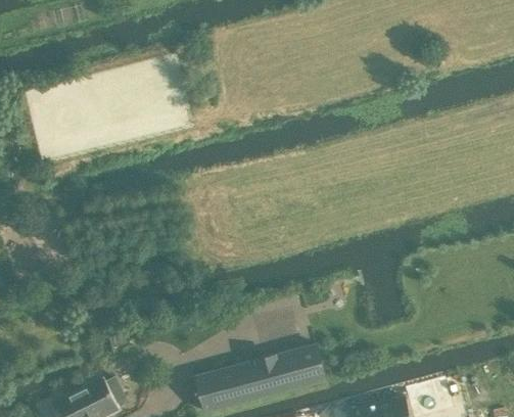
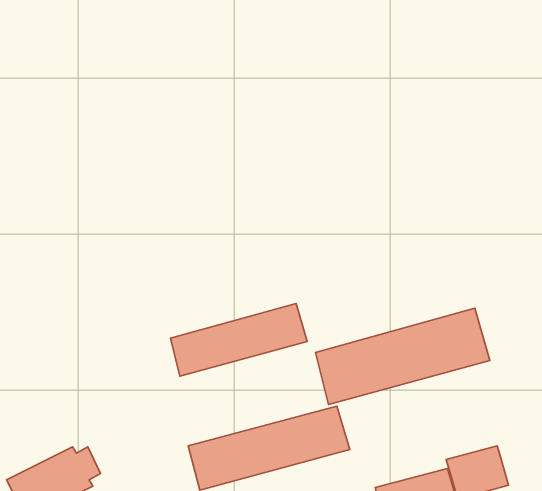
building: none -> [170,303,307,376]
building: none -> [316,308,490,404]

